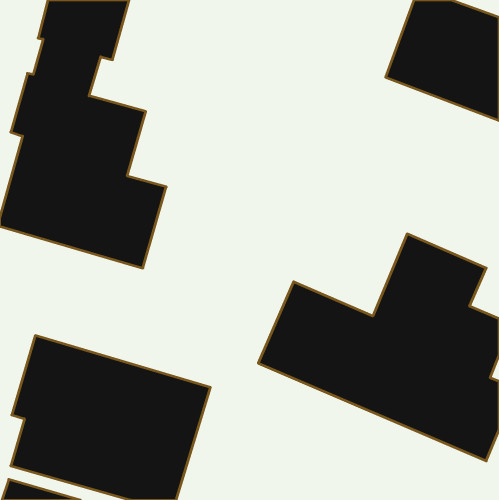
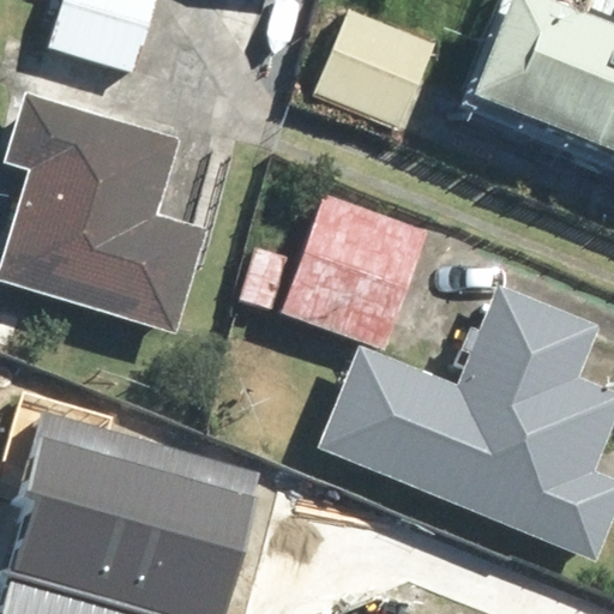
building: none -> [313,5,440,137]
building: none -> [278,193,422,344]

